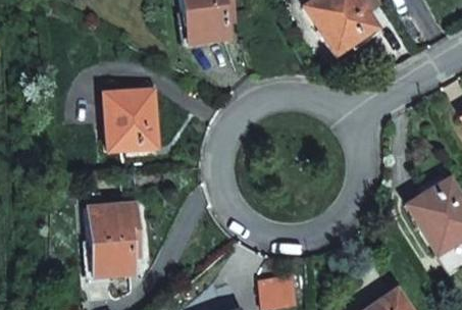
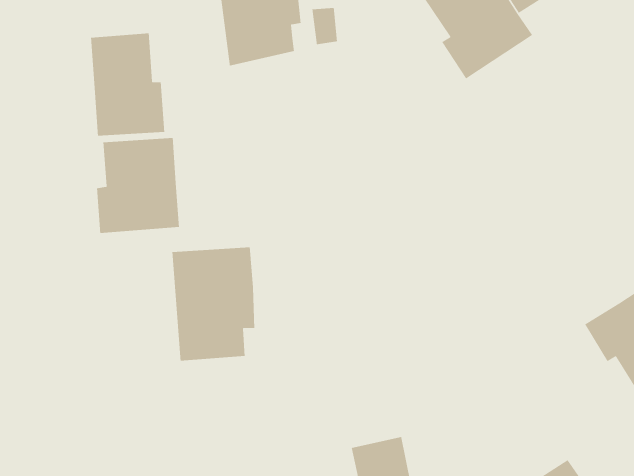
building: none -> [90,33,165,137]
building: [87,202,139,273] -> [171,247,255,362]

